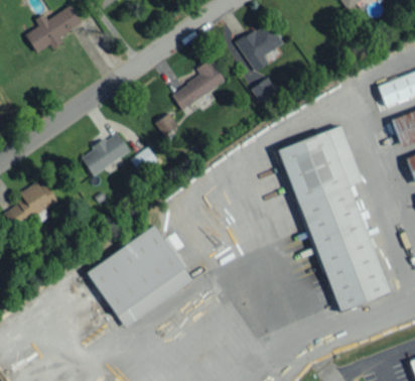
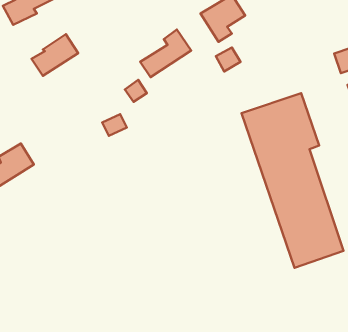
building: [81,131,130,175] -> [32,34,78,76]
building: [87,225,192,327] -> none

